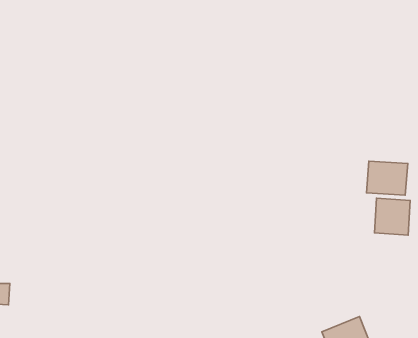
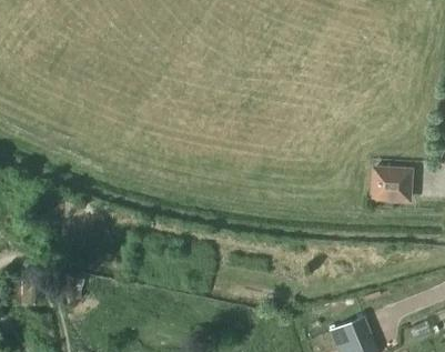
building: [374,198,410,235] -> none

